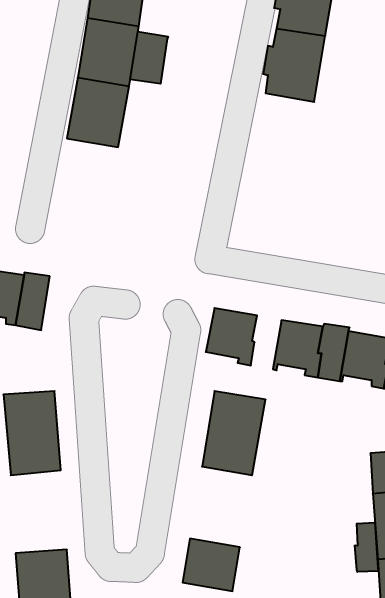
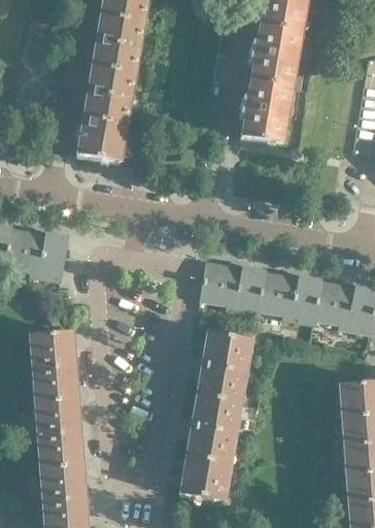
building: [130,31,168,84] -> none
building: none -> [239,80,292,144]
building: none -> [76,119,126,163]
building: none -> [238,265,265,314]
building: none -> [186,396,239,464]
building: none -> [35,399,82,469]
building: [355,522,378,572] -> none

